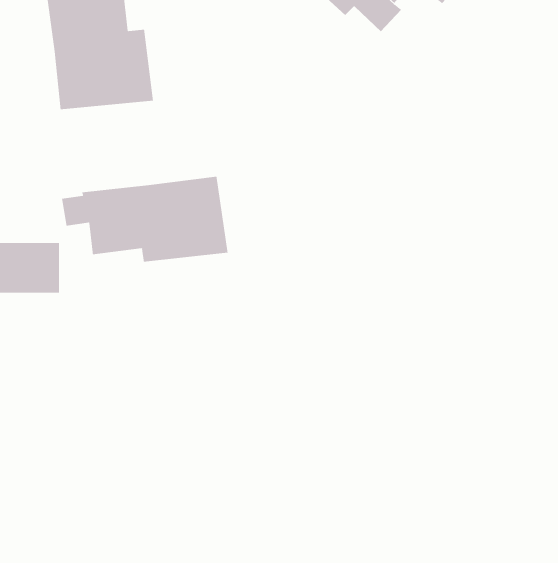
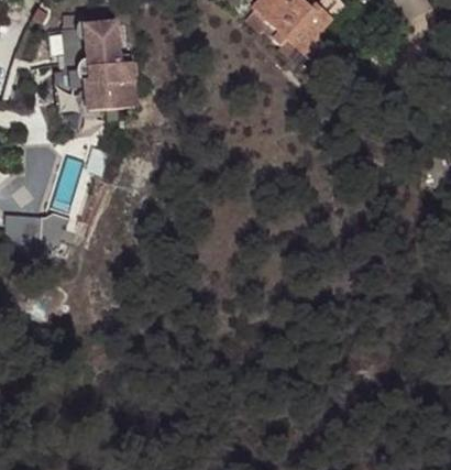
building: [62,176,228,262] -> none

